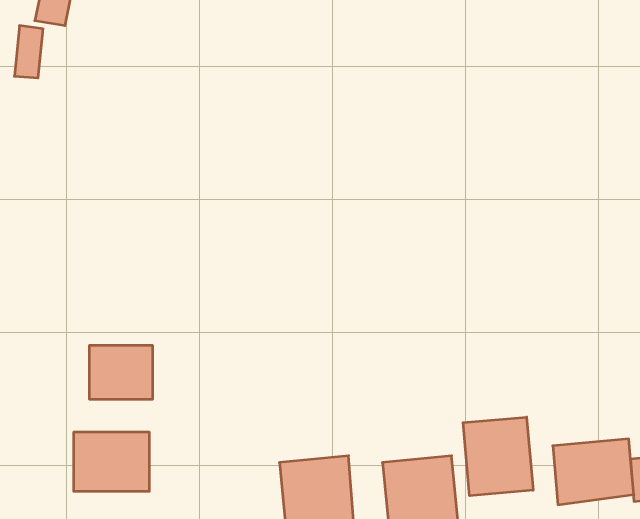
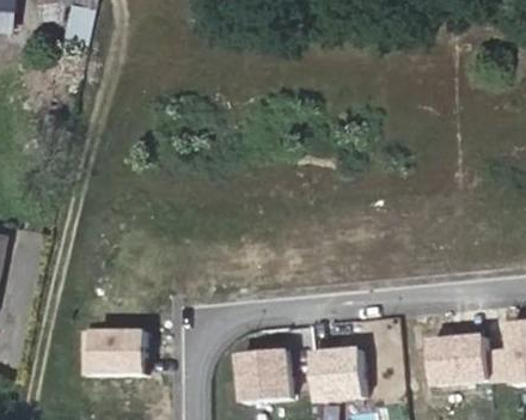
building: [90,345,152,399] -> none
building: [463,417,533,496] -> none

